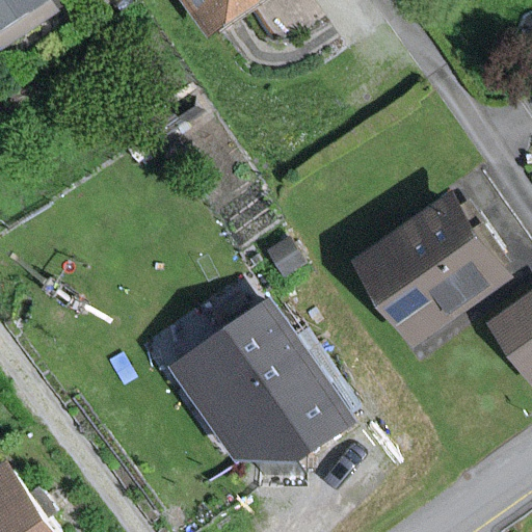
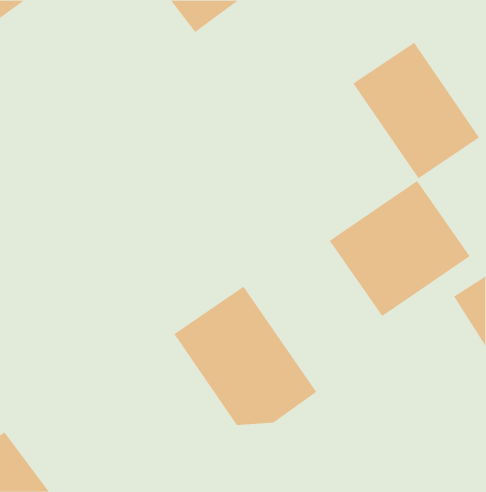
building: none -> [353,42,480,179]

